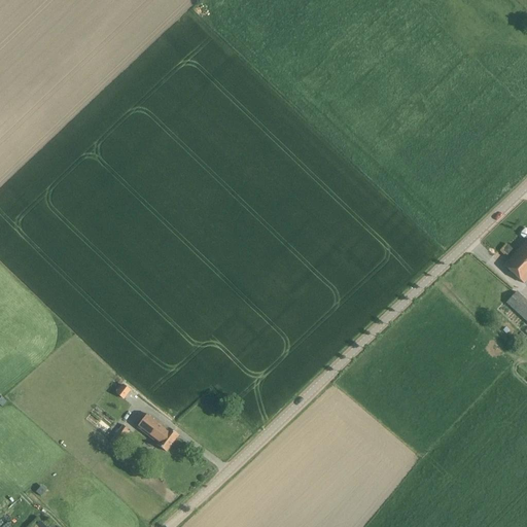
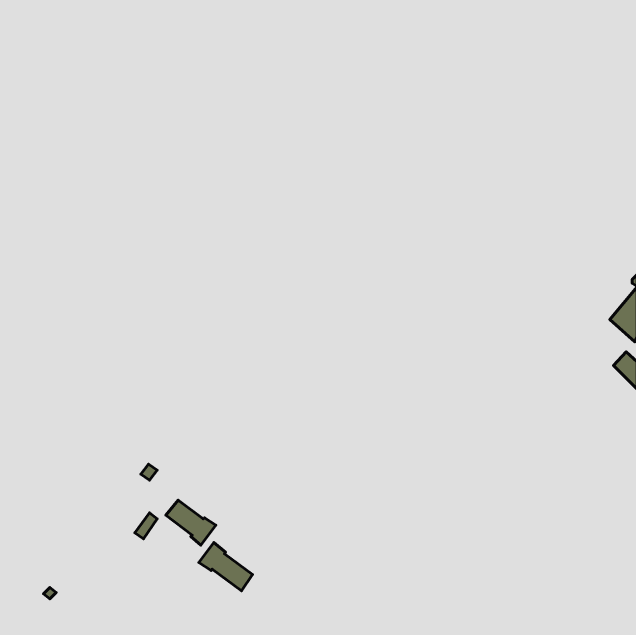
building: none -> [199,543,252,591]

